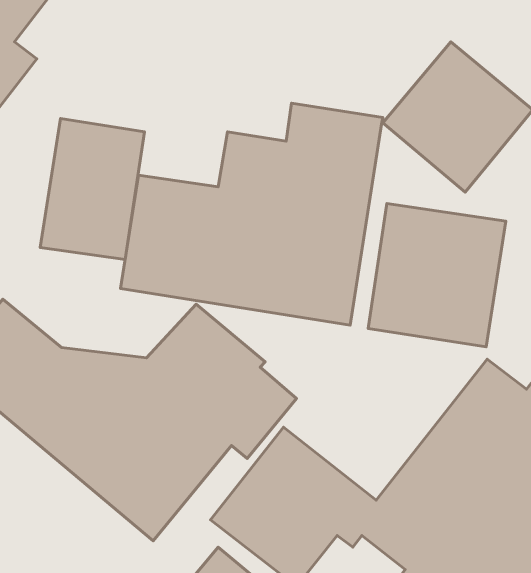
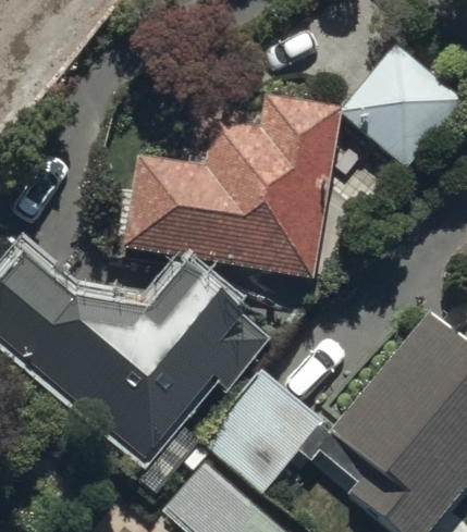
building: [40,118,144,259] -> none
building: [368,204,506,347] -> none

